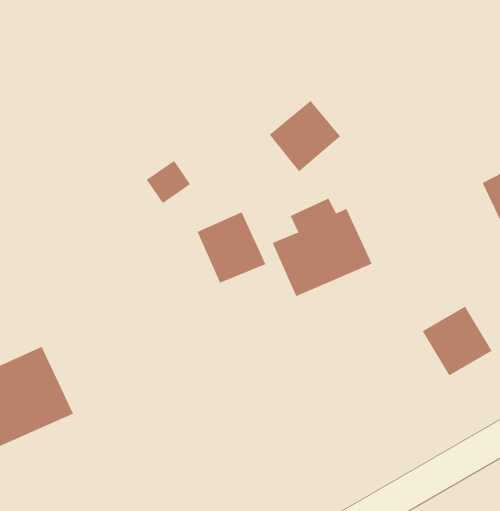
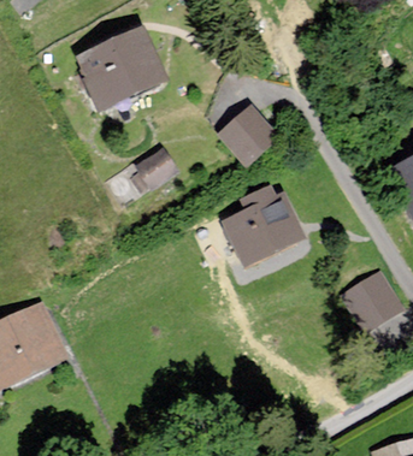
building: none -> [78,31,165,113]
building: [197,211,266,284] -> none

